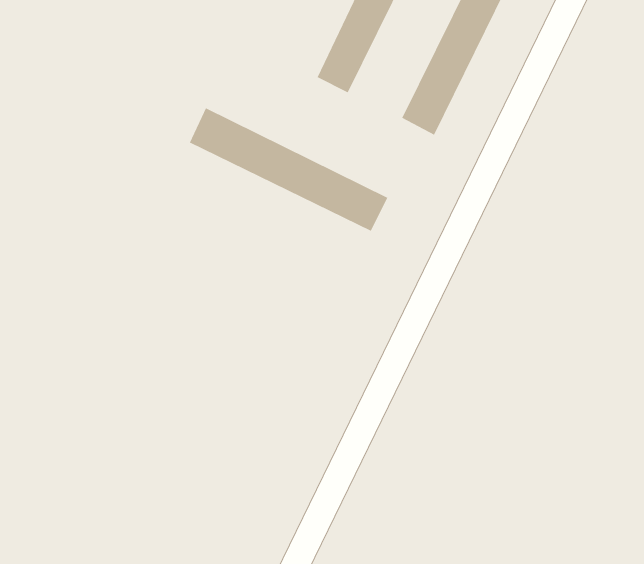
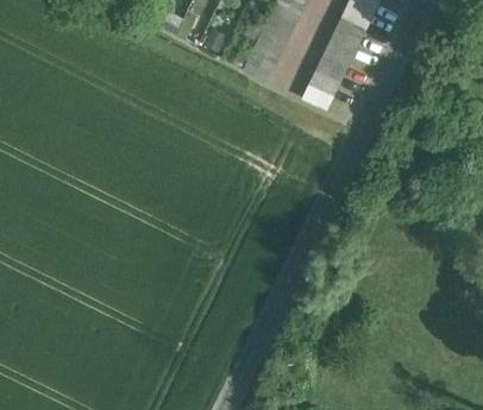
building: [189,107,389,232] -> none

